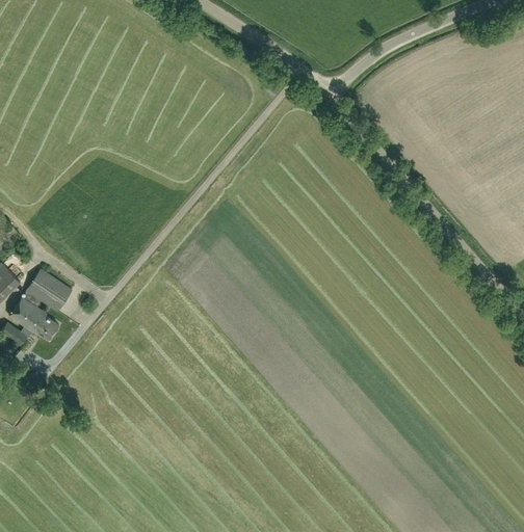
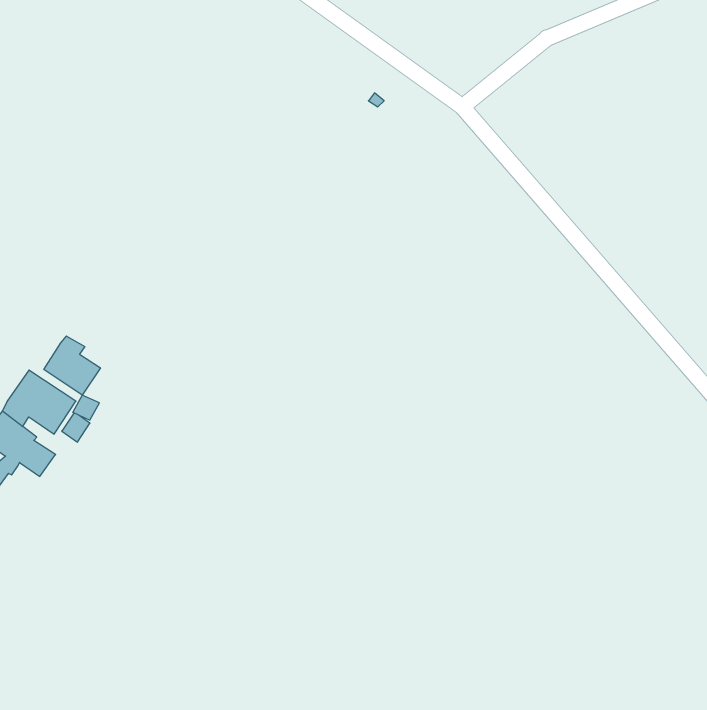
building: none -> [44,336,100,395]

